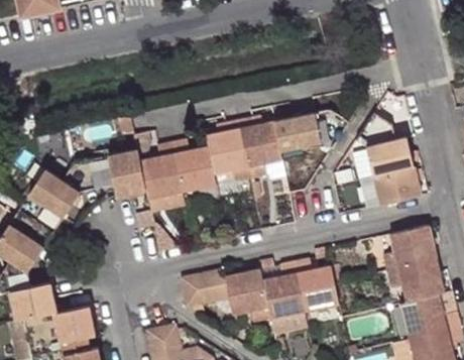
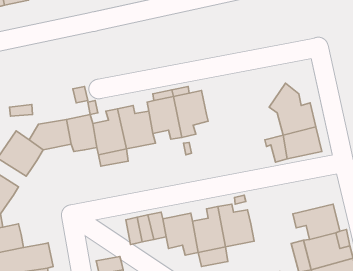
building: [275,108,352,149] -> none
building: [384,226,437,271] -> none

